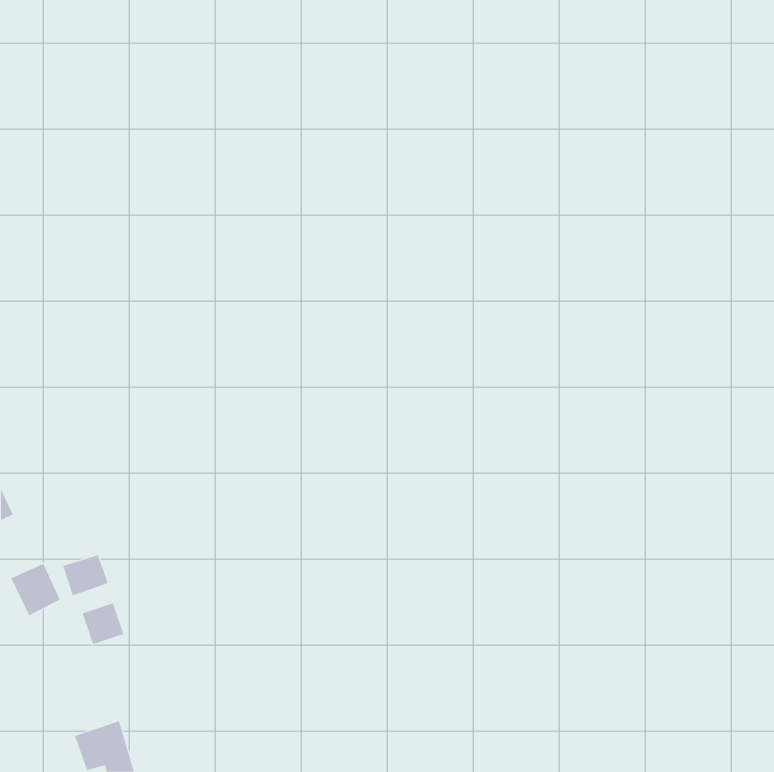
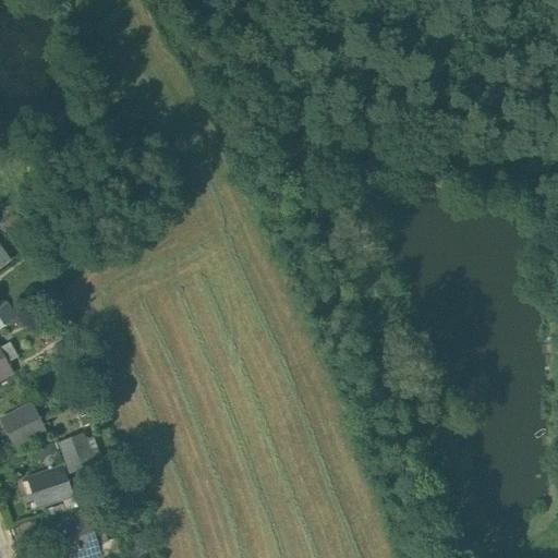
building: [62,555,109,596] -> none
building: none -> [36,466,70,502]

